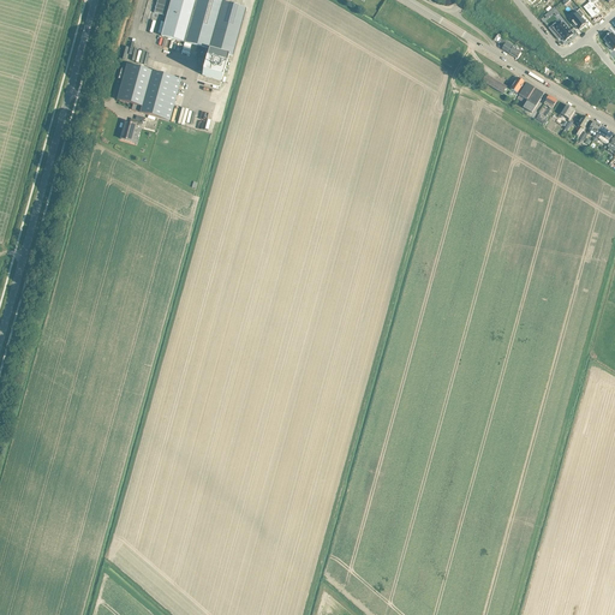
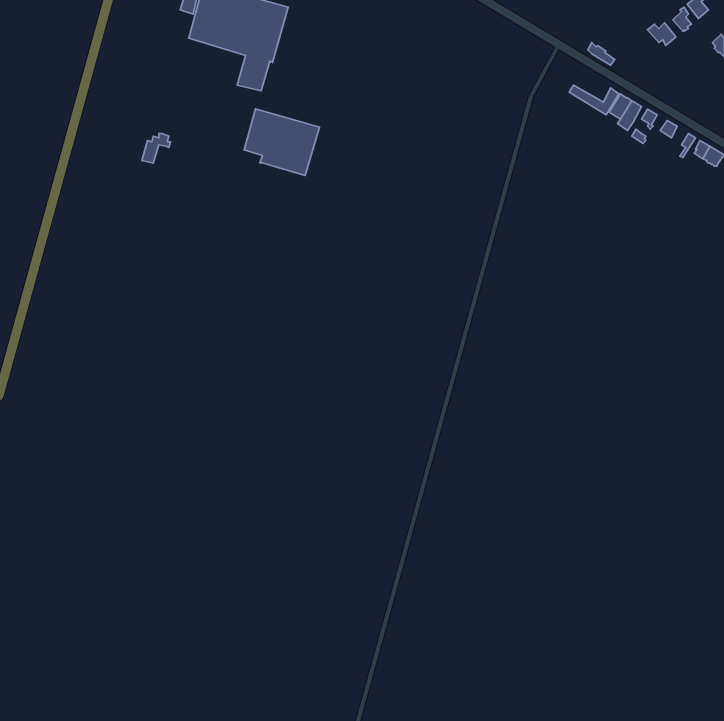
building: [117,61,180,118] -> [244,109,319,175]

